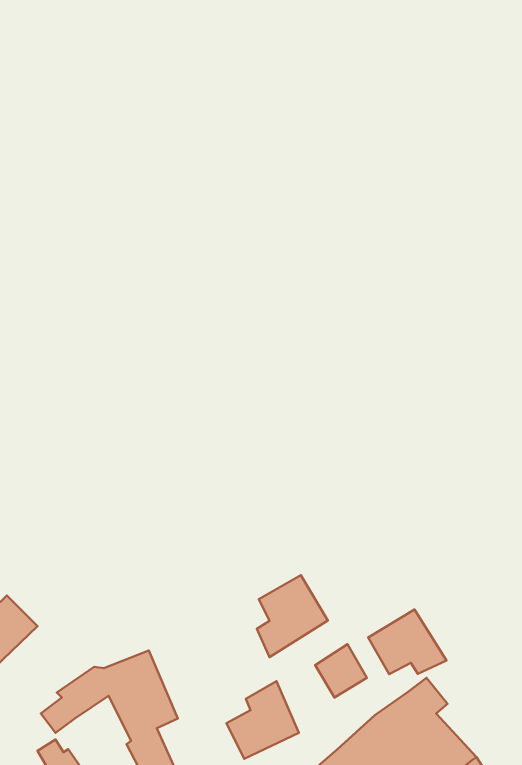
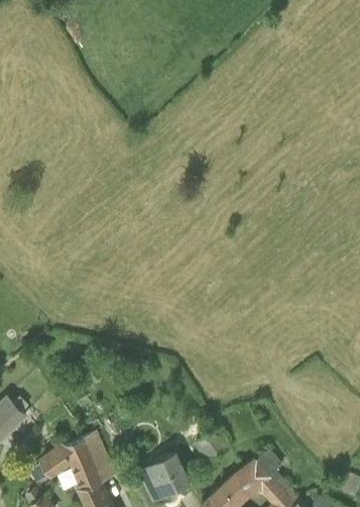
building: [257,575,328,657] -> none
building: [368,610,447,674] -> none

